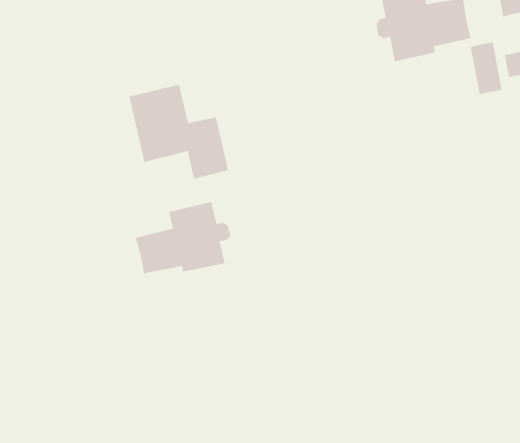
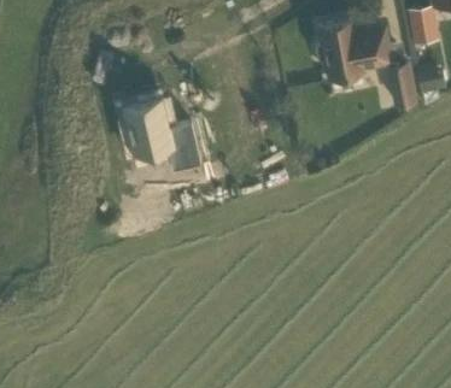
building: [135,201,231,275] -> none

